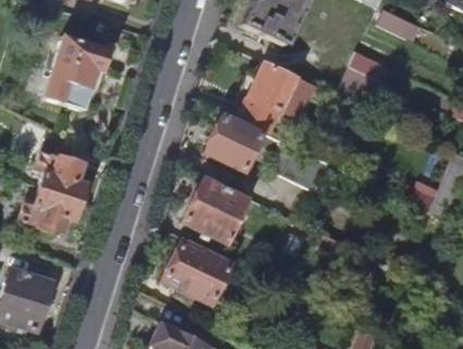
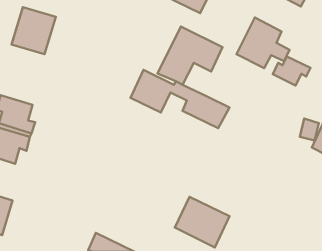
building: none -> [273,57,310,86]
building: [182,181,244,244] -> none
building: [162,244,231,308] -> [175,197,229,247]

